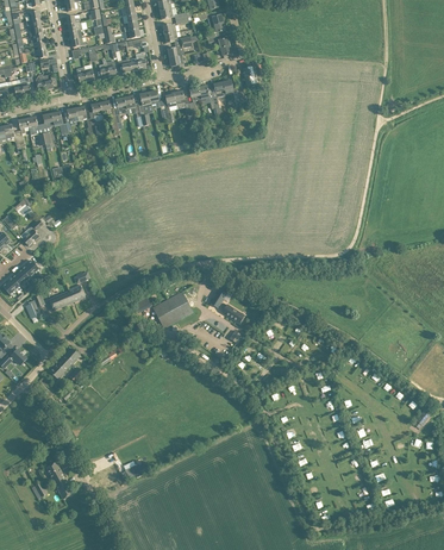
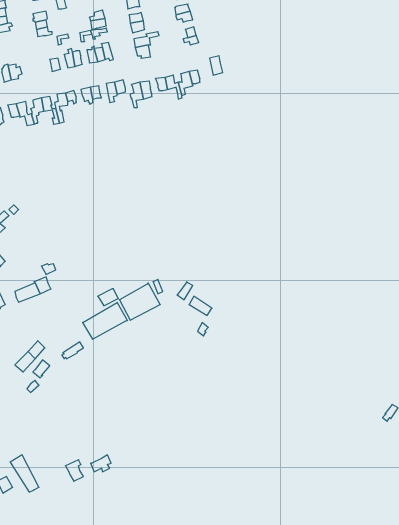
building: none -> [83,302,127,339]

